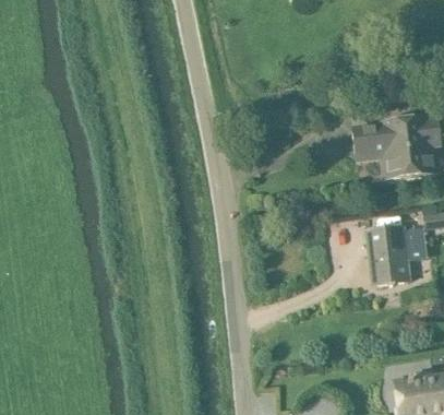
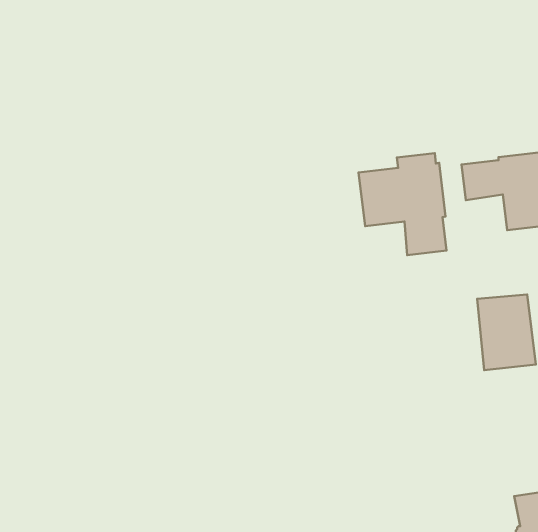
building: none -> [359,153,446,255]

